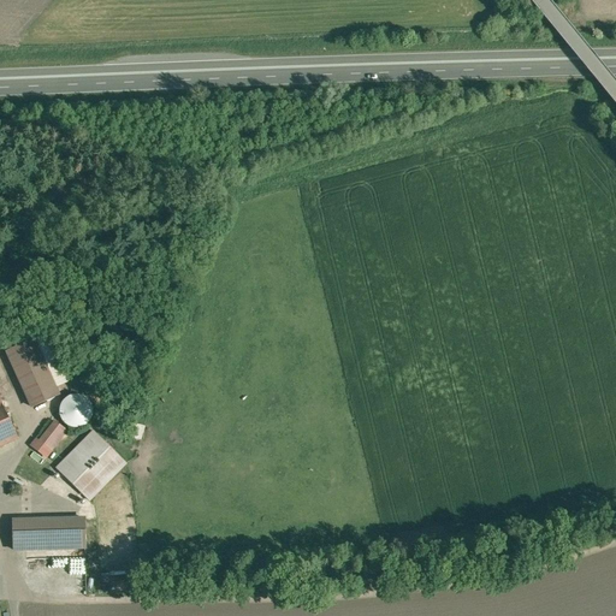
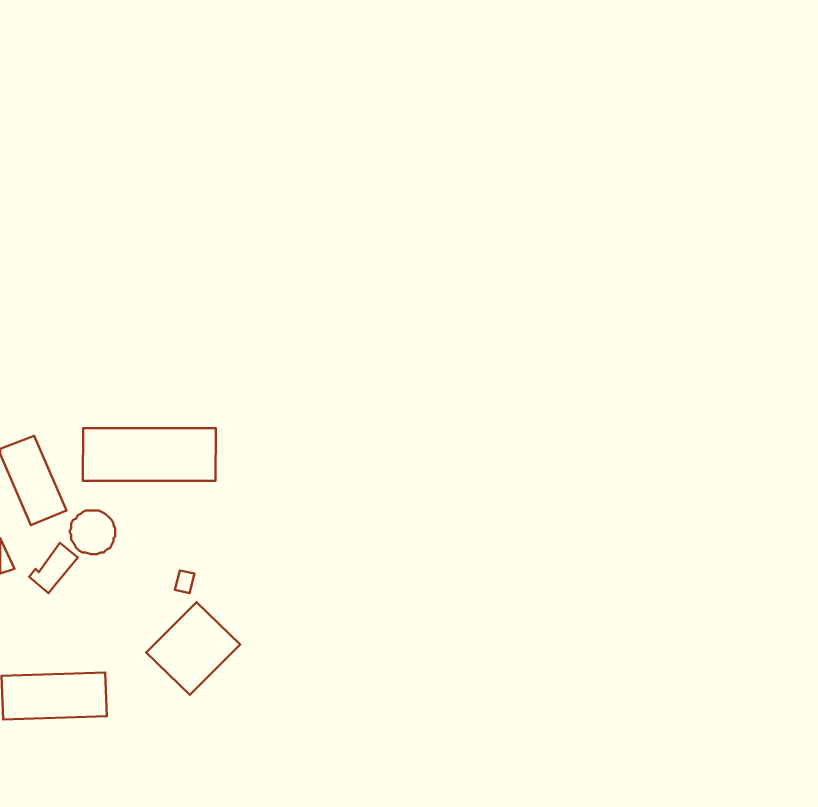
building: none -> [83,428,216,481]
building: [54,431,124,499] -> [146,602,240,695]

